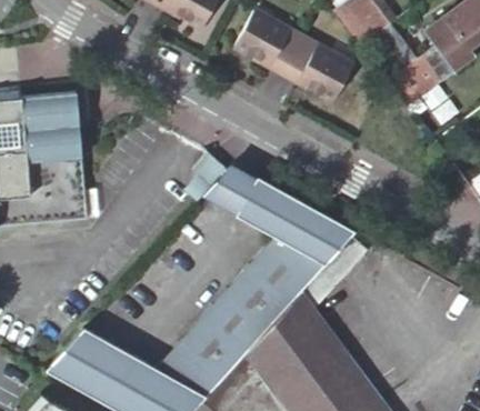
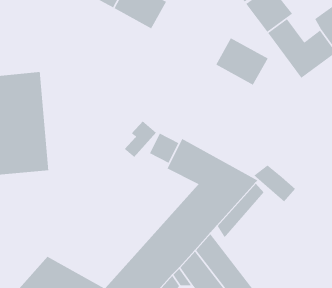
building: [249,21,318,84] -> none
building: none -> [253,164,296,202]

